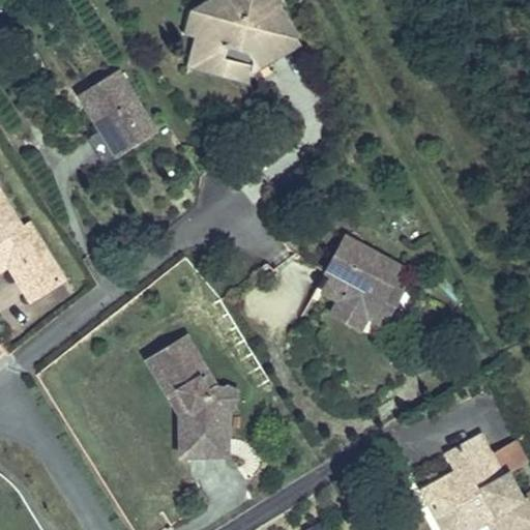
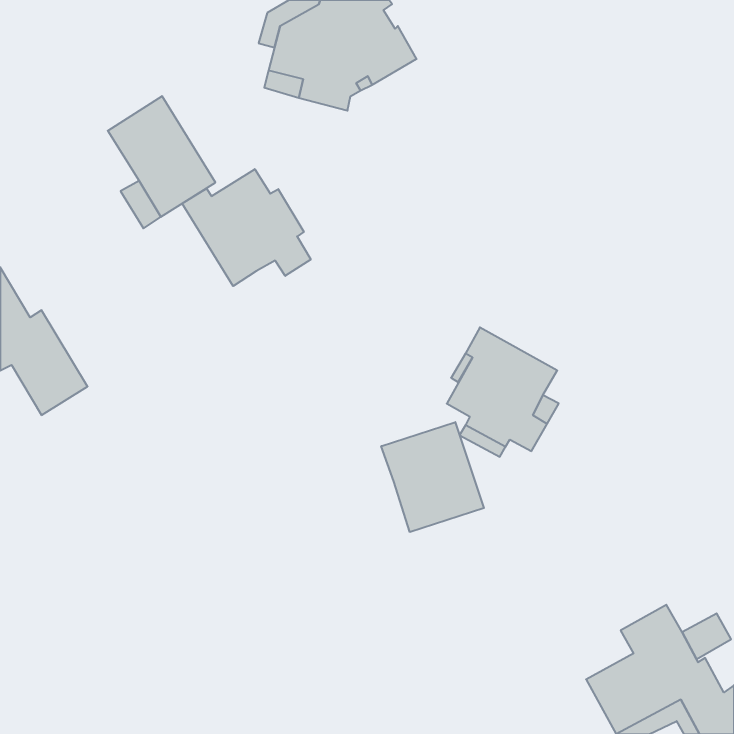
building: none -> [182,169,311,286]
building: none -> [381,422,484,532]
building: [147,336,236,455] -> none

